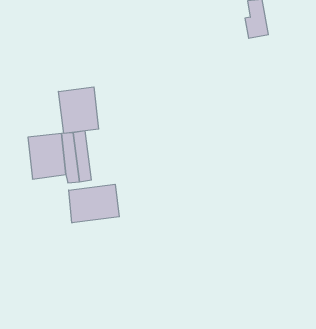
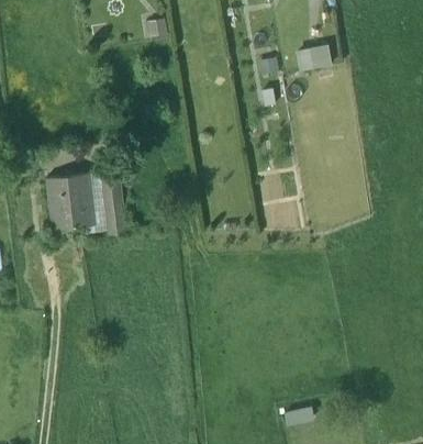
building: [58,87,99,133] -> none
building: [69,184,119,223] -> none

